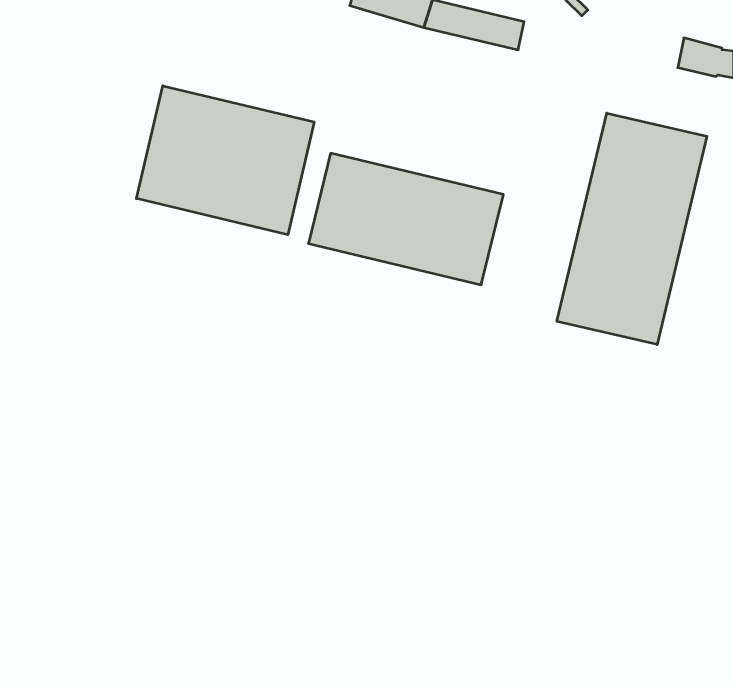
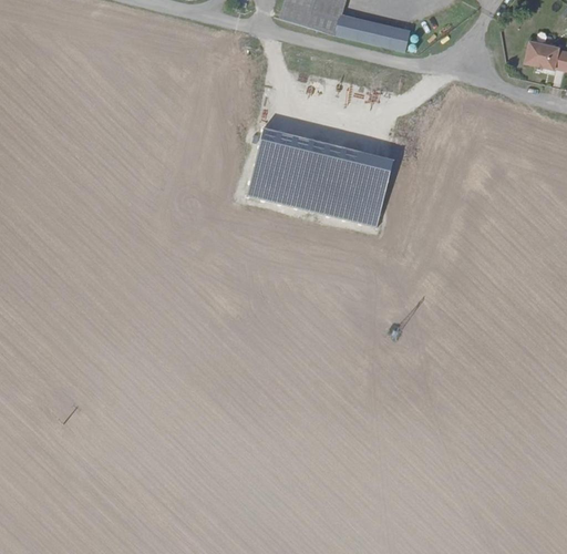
building: [136,86,314,235] -> none
building: [557,113,707,345] -> none

